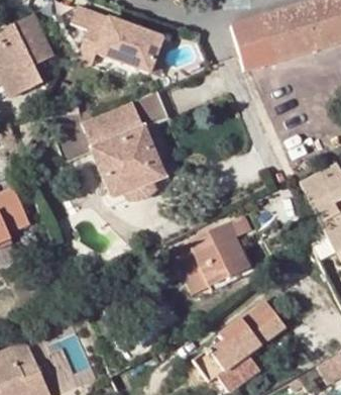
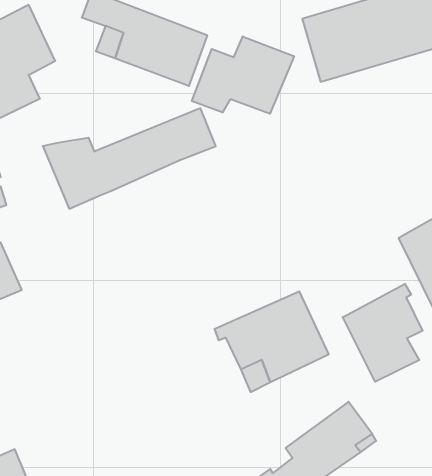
building: none -> [192,36,294,114]
building: [94,127,163,196] -> none
building: none -> [343,284,423,382]

